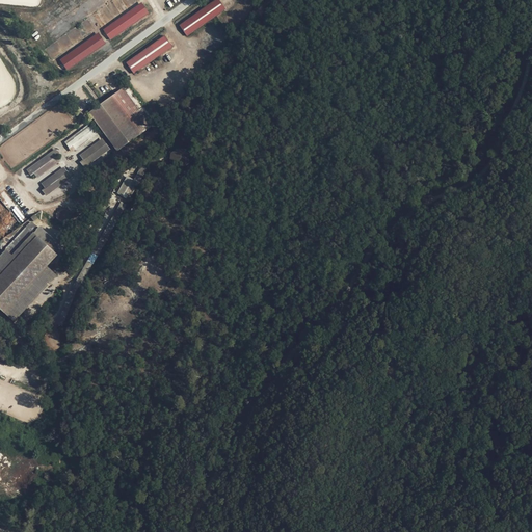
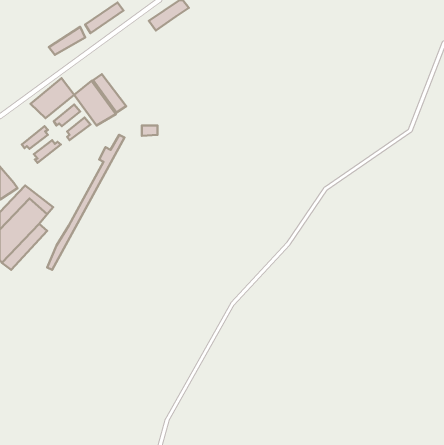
building: [124,35,171,73] -> none
building: none -> [31,78,74,118]

